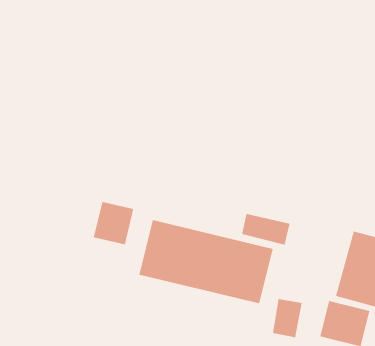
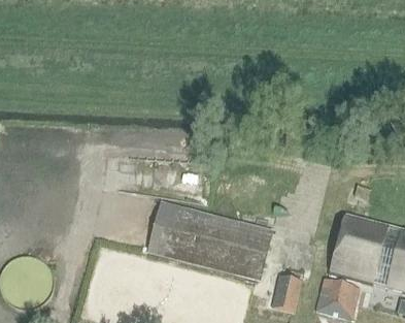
building: [93,201,134,245] -> none
building: [241,213,290,246] -> none

